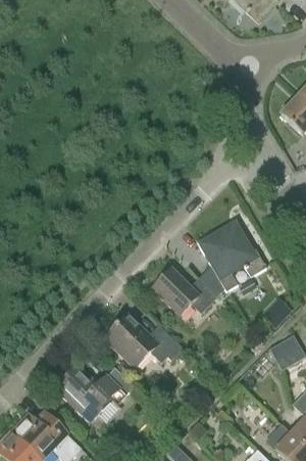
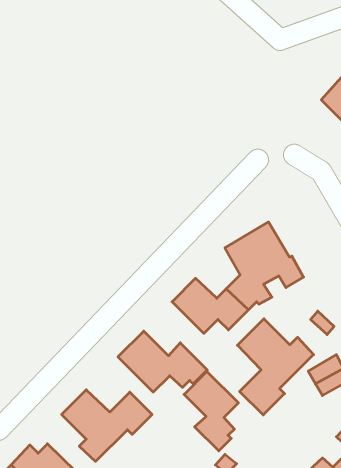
building: none -> [237,319,314,415]
building: none -> [184,371,238,451]

